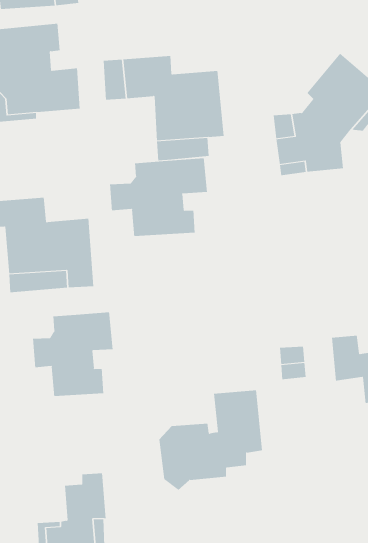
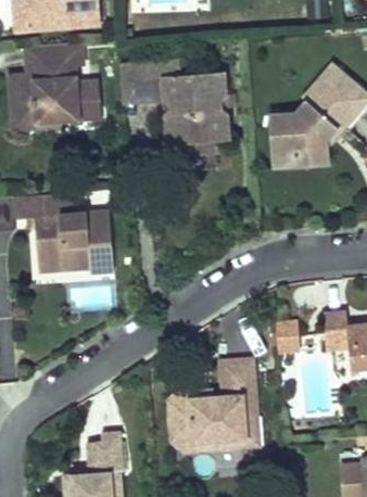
building: [109,158,208,237] -> none
building: [33,312,113,397] -> none
building: none -> [188,412,264,447]

